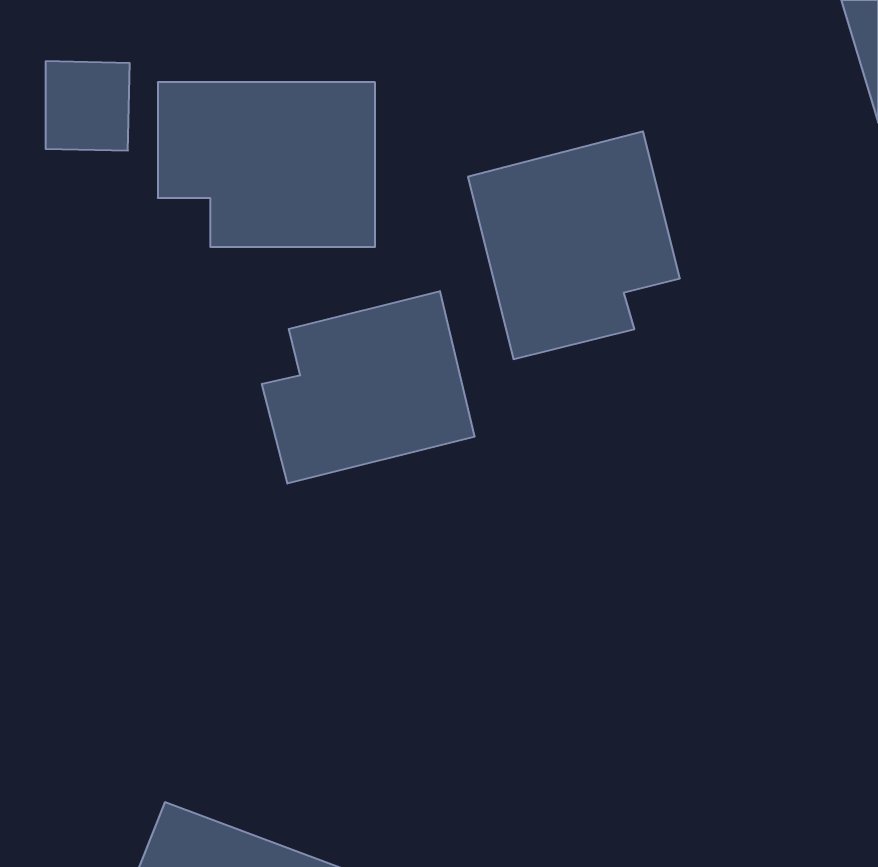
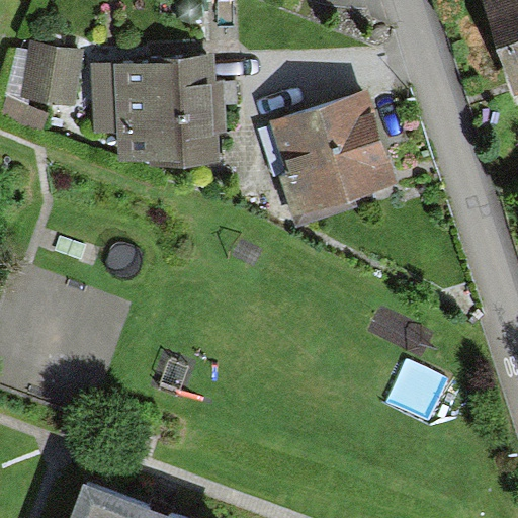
building: [262,291,475,484] -> none

